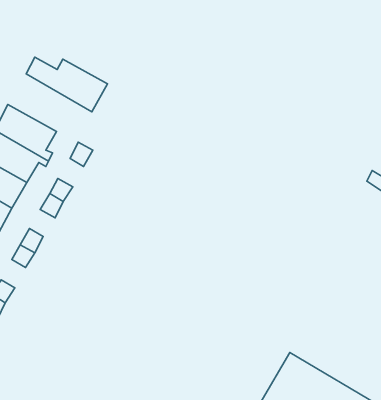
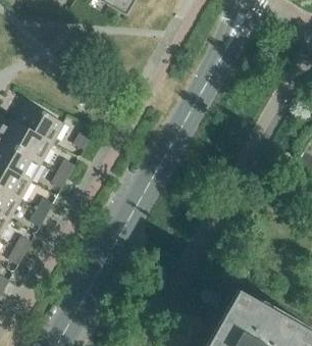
building: [26,57,107,112] -> none

